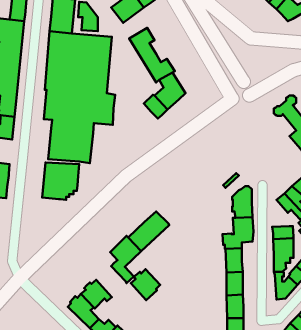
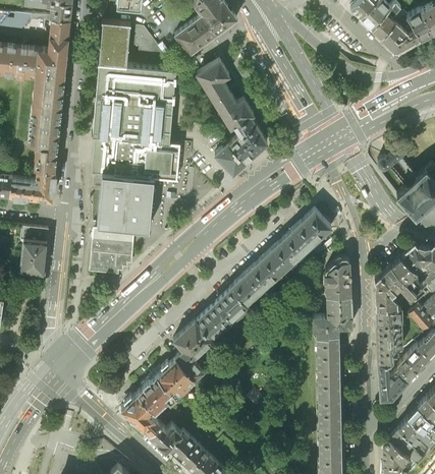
building: none -> [230,211,331,305]
building: none -> [375,276,397,309]
building: [131,269,160,300] -> [157,358,194,397]

